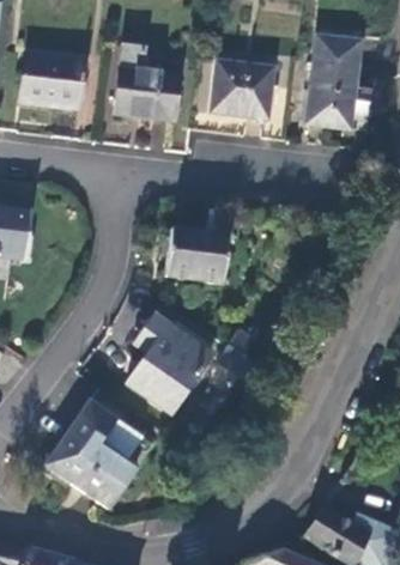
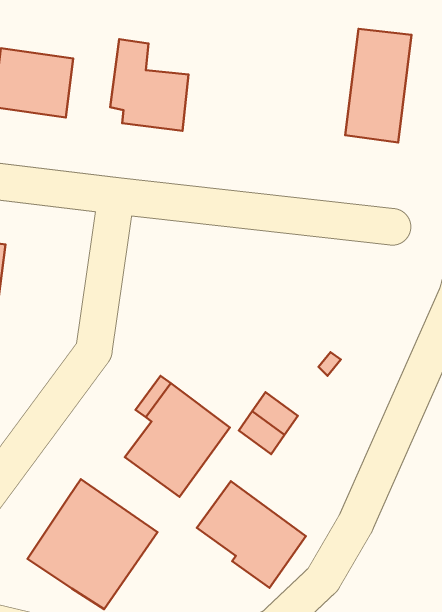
building: [214,60,273,120] -> none
building: [168,231,230,285] -> none
building: none -> [197,481,306,588]

